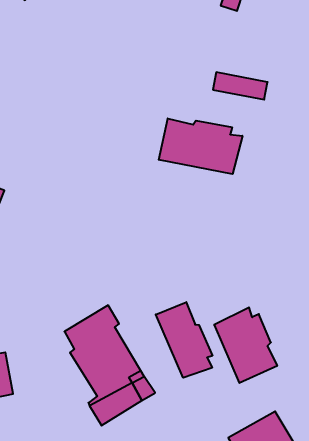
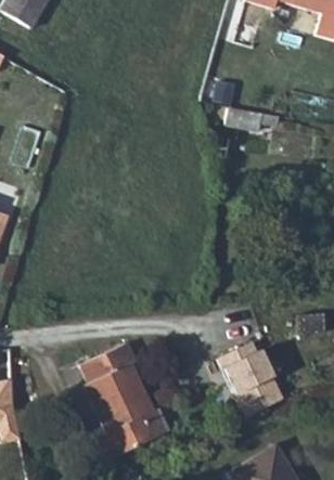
building: [159,118,242,174] -> none
building: [156,302,212,378] -> none

